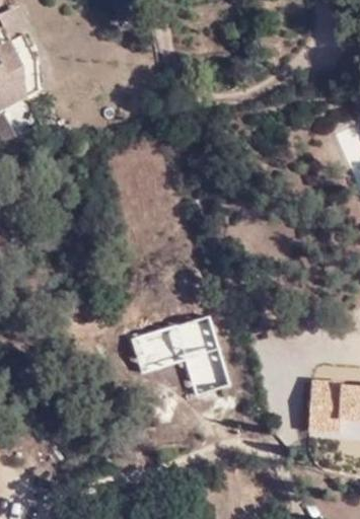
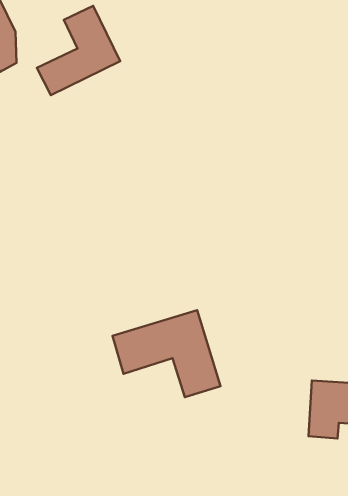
building: none -> [37,6,120,95]

